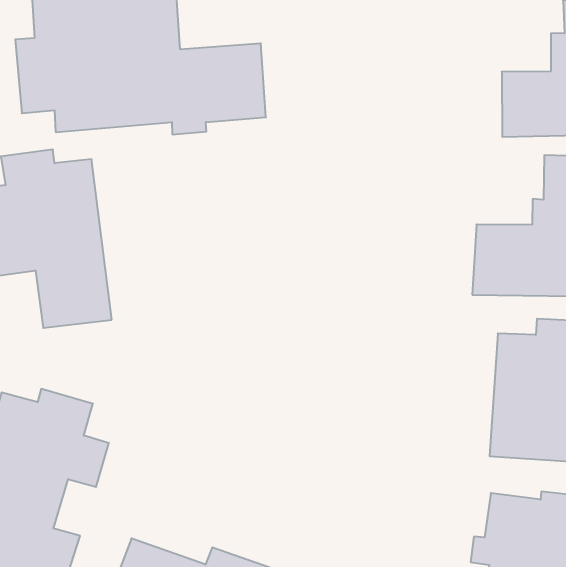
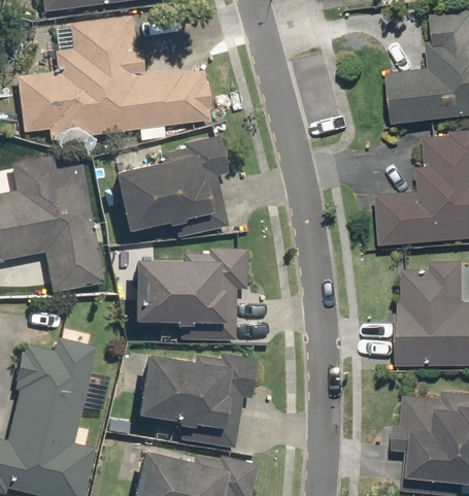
building: none -> [110,133,228,239]
building: none -> [130,250,246,341]
building: none -> [136,352,255,445]

